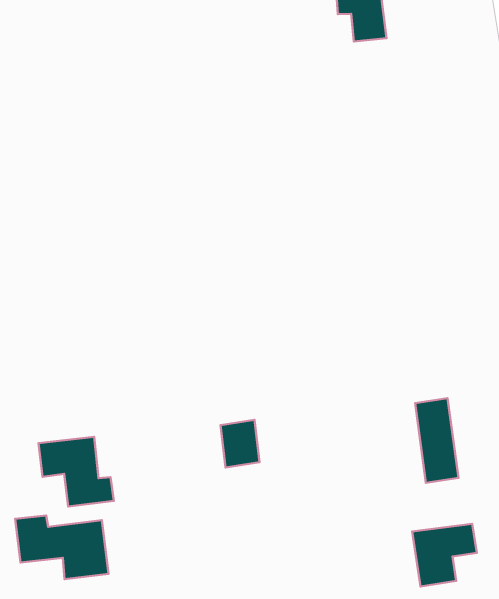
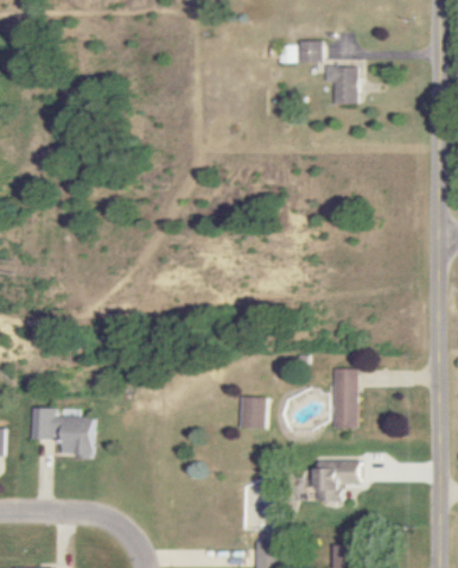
building: [221,420,260,467] -> [237,398,263,429]
building: [38,437,114,506] -> none

